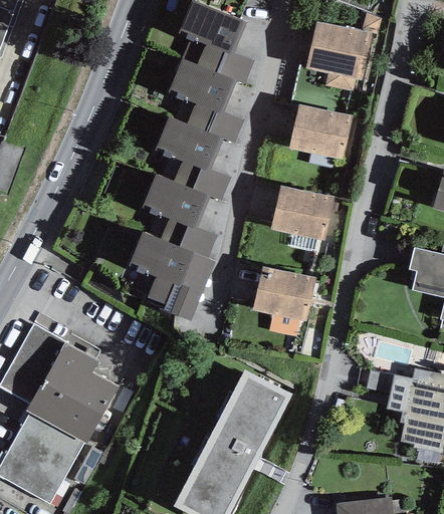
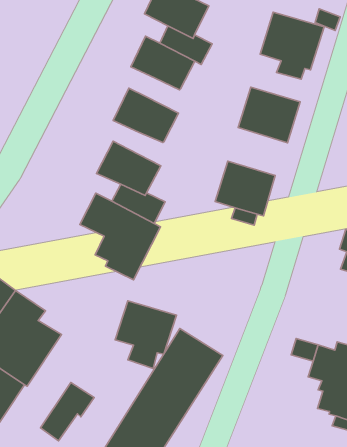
building: [187,102,243,142] -> none
building: [174,162,231,200] -> none
building: [253,266,316,336] -> [115,301,176,368]
building: none -> [40,382,94,441]

